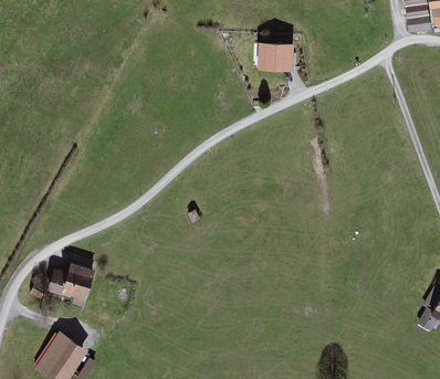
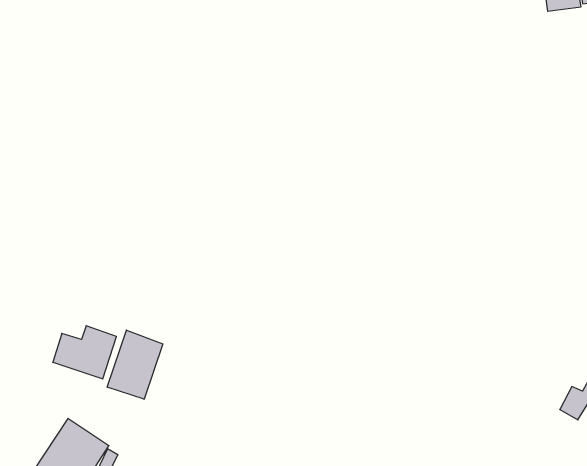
building: [256,43,293,71] -> none
building: none -> [107,330,163,399]

